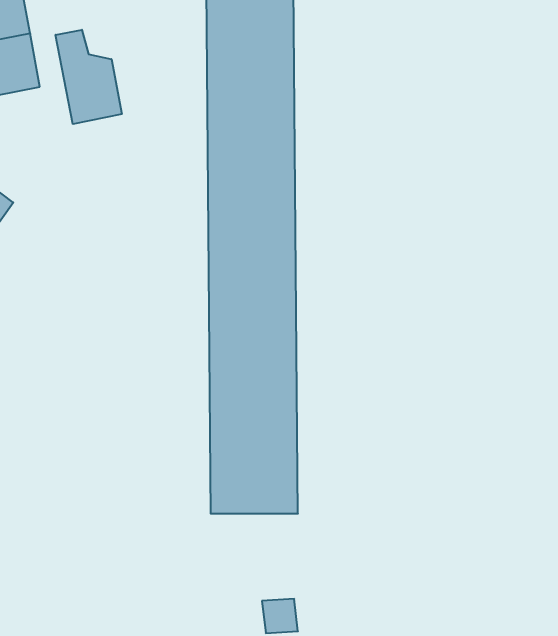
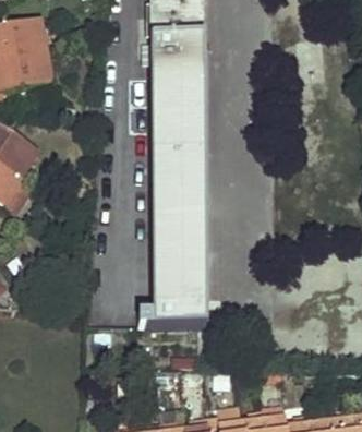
building: [56,30,122,124] -> none

